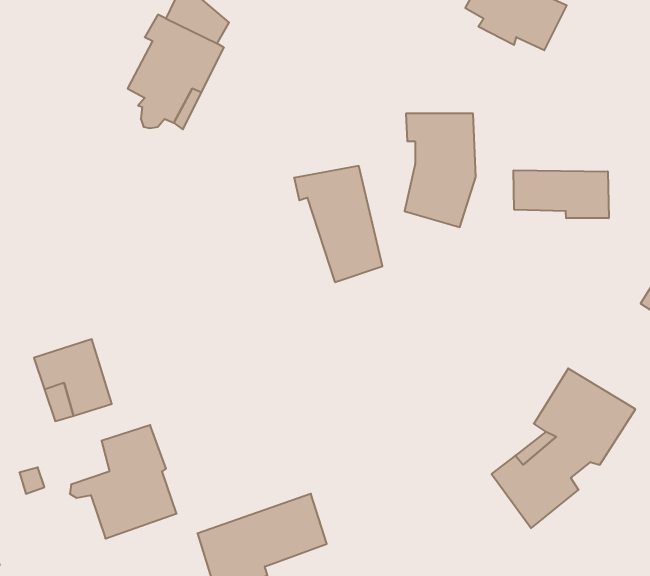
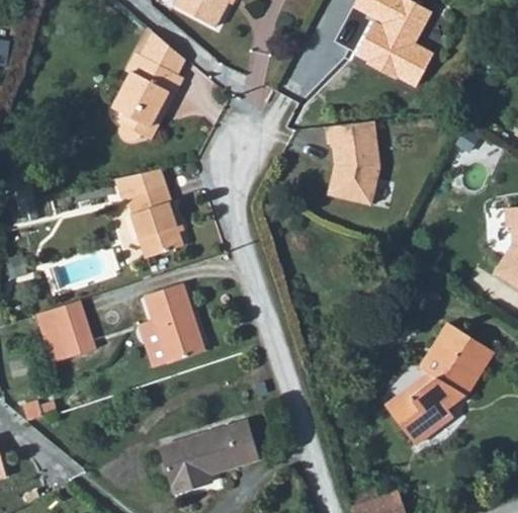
building: [294,166,382,282] -> [114,169,182,258]
building: [514,170,609,218] -> none
building: [70,425,177,539] -> [121,282,203,369]

